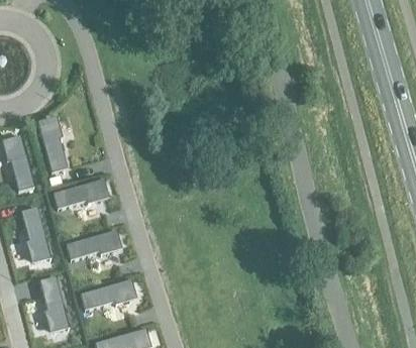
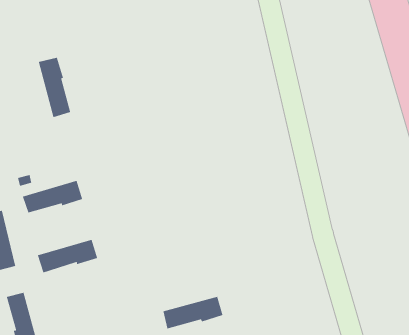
building: [39,120,69,173] -> [38,57,71,118]
building: [82,279,135,309] -> [162,296,223,329]

